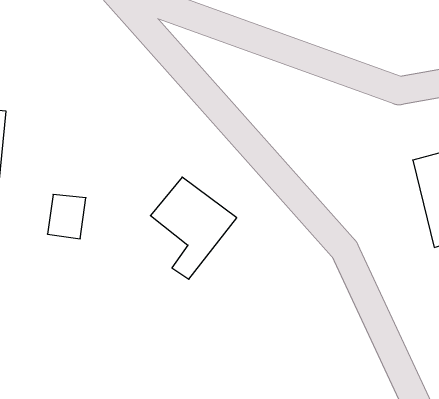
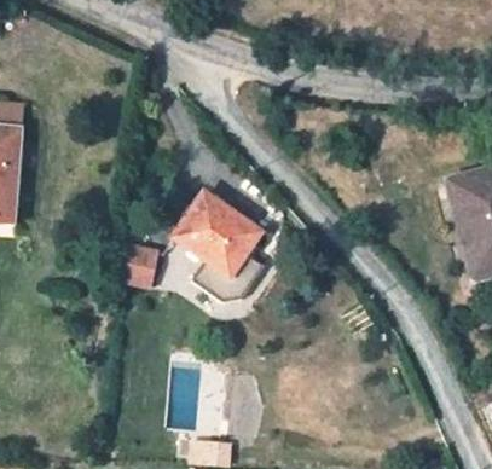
building: [47,194,86,239] -> [117,244,158,291]

